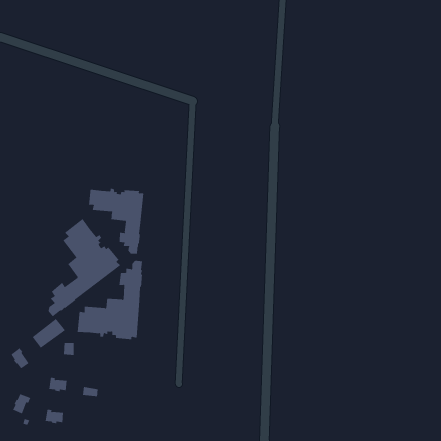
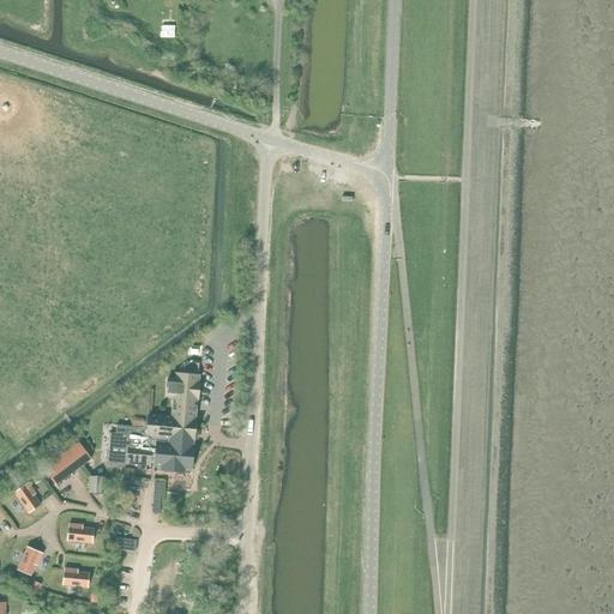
building: [89,188,144,255] -> none
building: [48,218,120,317] -> none

